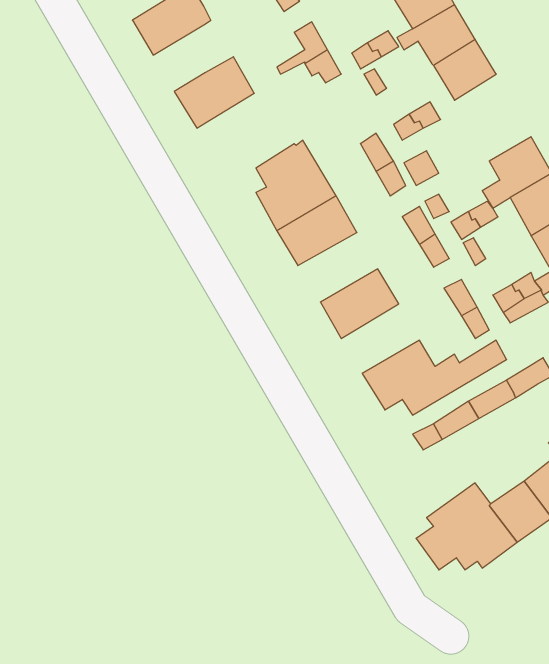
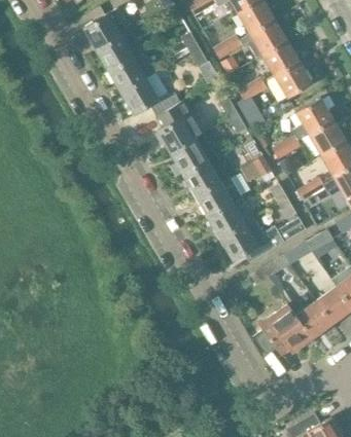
building: none -> [97,30,144,72]
building: none -> [275,62,312,99]
building: none -> [122,73,180,117]
building: none -> [182,155,230,196]
building: none -> [208,197,254,239]

